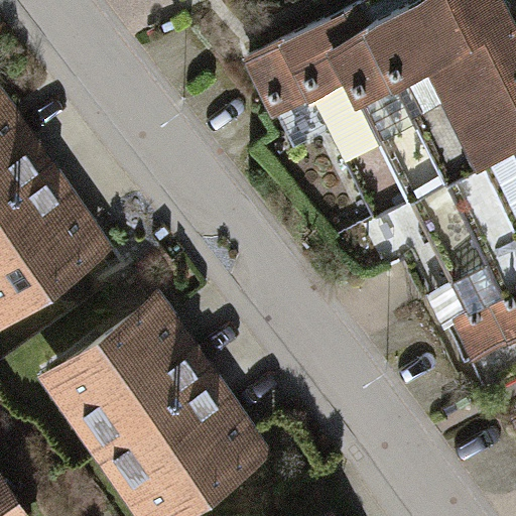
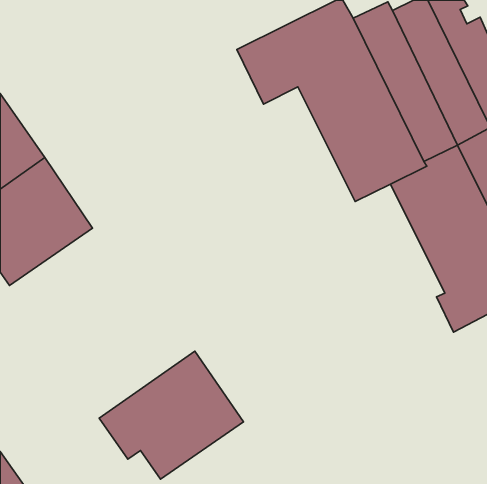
building: [68,302,207,445] -> none

